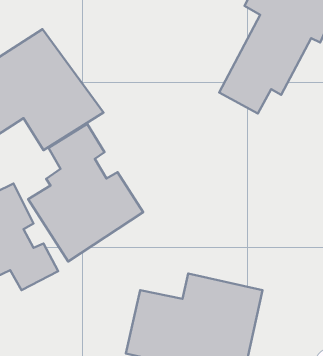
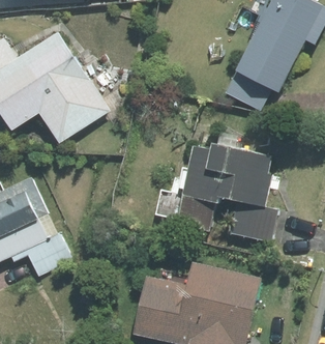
building: [28,124,143,262] -> none
building: none -> [176,132,280,243]

